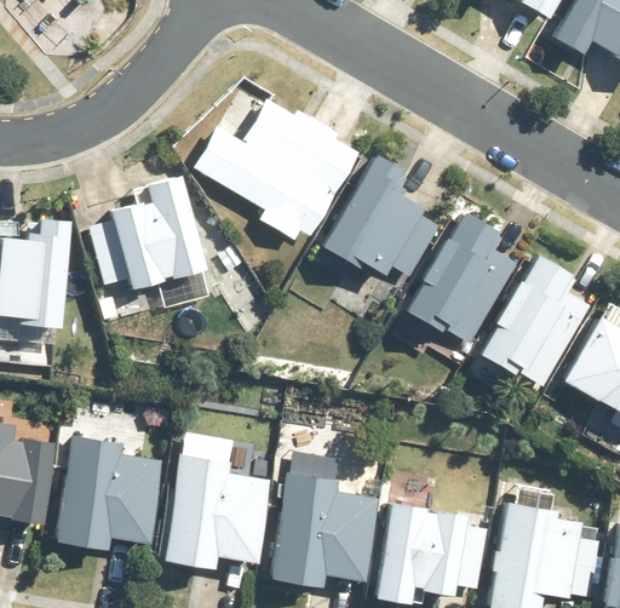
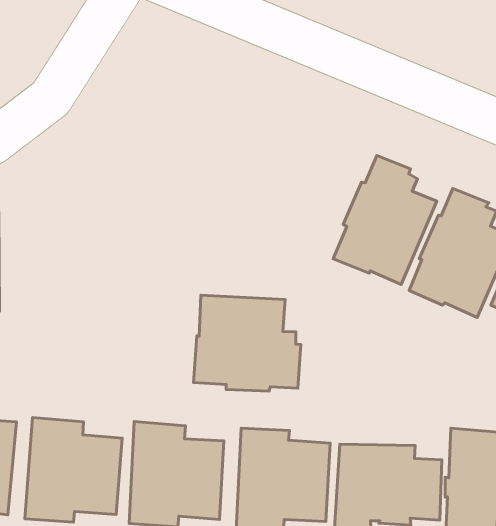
building: [207,102,366,236] -> none
building: [321,153,442,280] -> none
building: [87,173,202,282] -> none
building: none -> [194,295,301,391]

